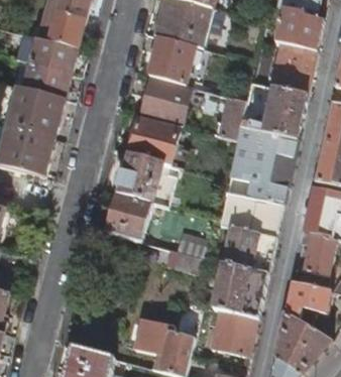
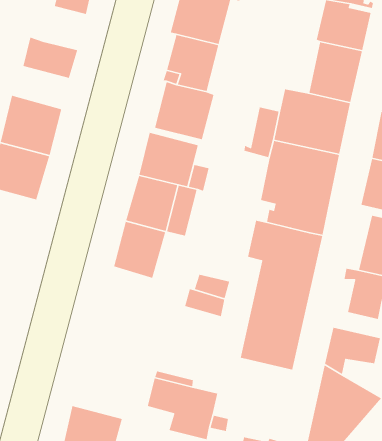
building: [49,11,85,47] -> none
building: [24,61,71,97] -> none
building: [209,306,257,354] -> none

